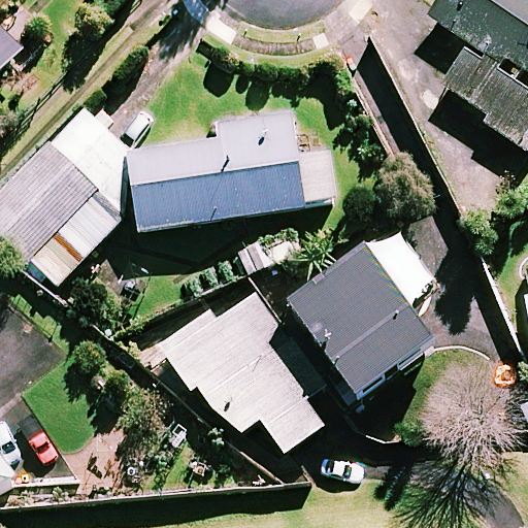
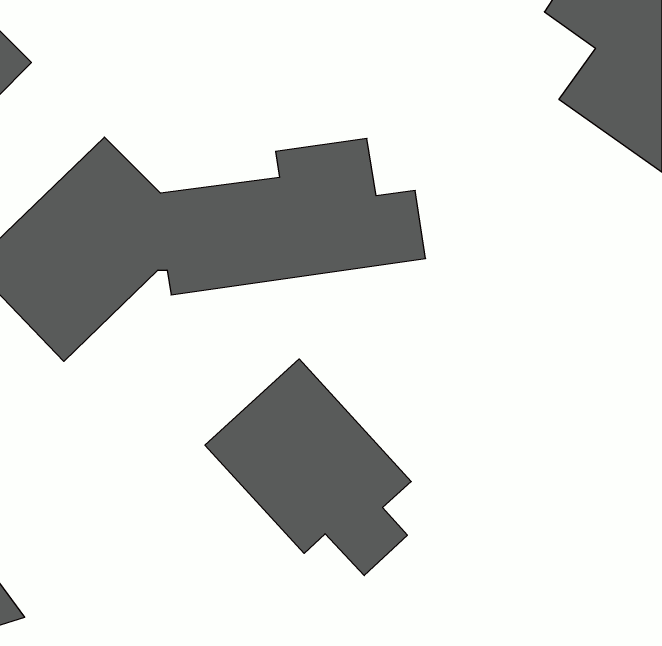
building: [291,237,453,433] -> none

